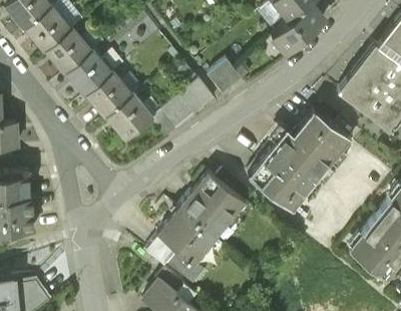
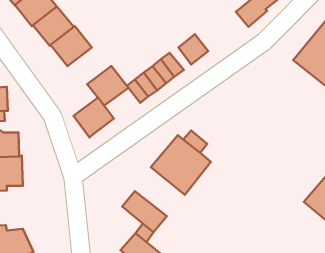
building: [86,73,131,118] -> [74,97,114,137]
building: [246,108,351,209] -> none
building: [158,210,216,265] -> none

